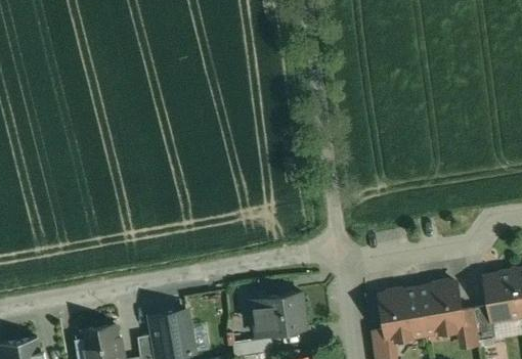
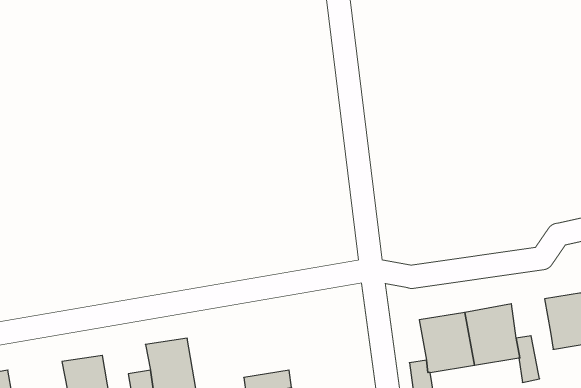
building: [253,294,306,336] -> none
building: [473,306,495,341] -> none

